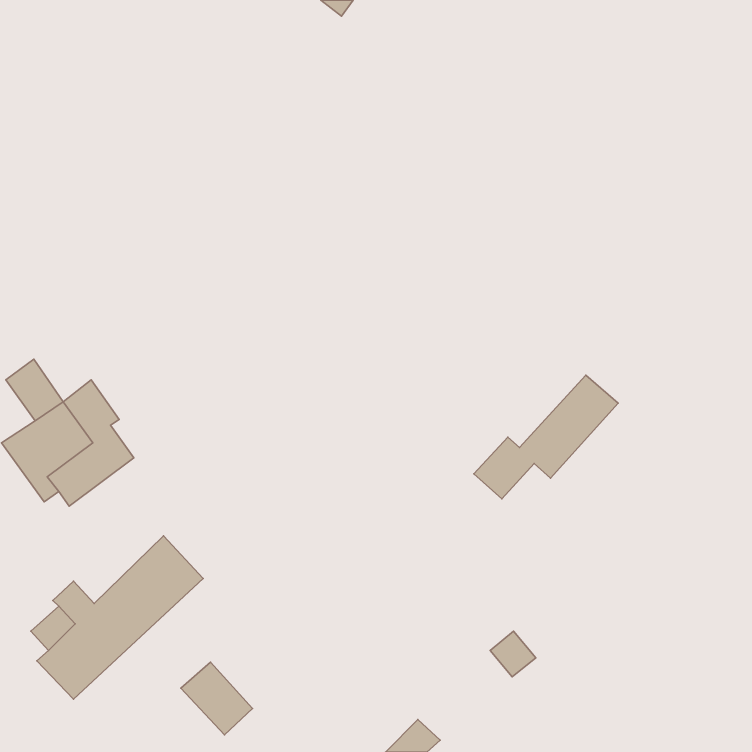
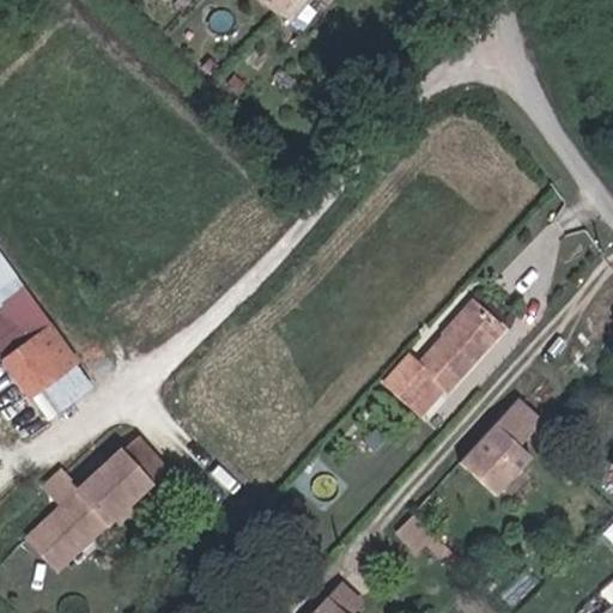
building: none -> [457,401,540,498]
building: [181,662,252,735] -> none

